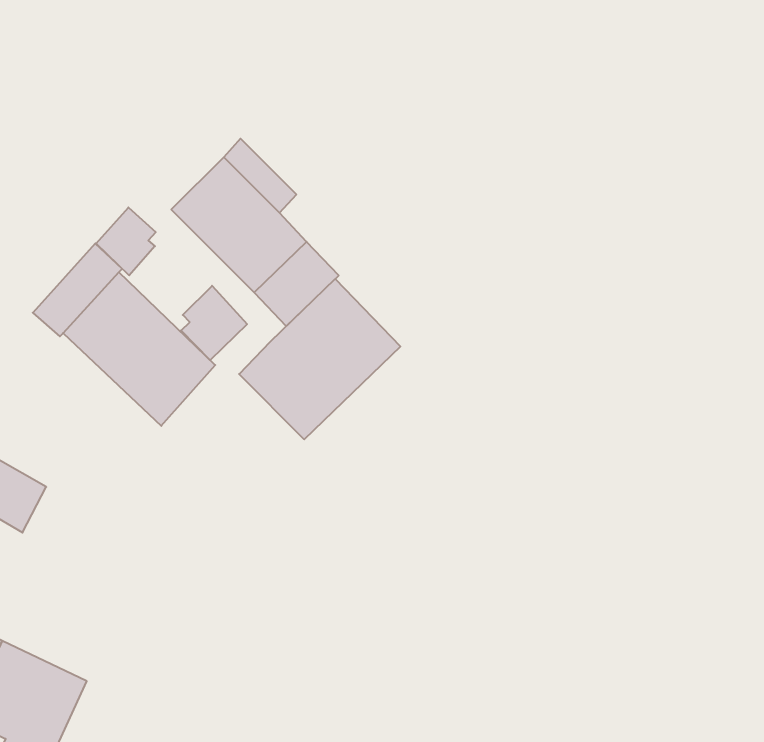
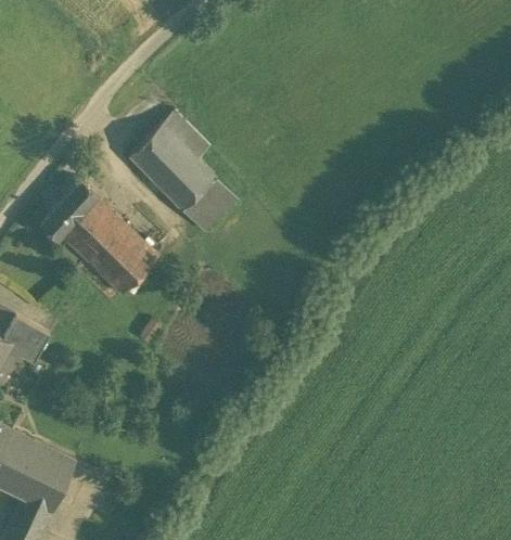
building: [96,207,156,275] -> none
building: [239,279,400,439] -> none
building: [181,286,247,360] -> none

